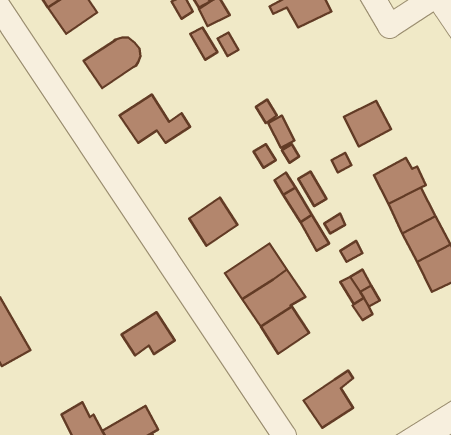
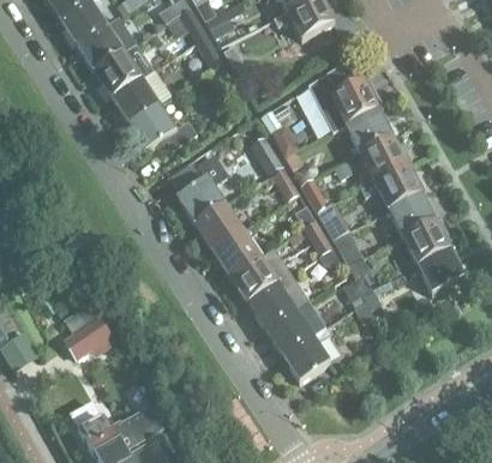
building: none -> [76,24,124,71]
building: none -> [306,65,382,132]
building: none -> [110,77,158,124]
building: none -> [359,137,404,181]
building: none -> [176,154,228,223]
building: none -> [211,223,272,276]
building: [122,312,175,356] -> [64,315,115,357]
building: [304,371,353,428] -> [281,325,329,380]

